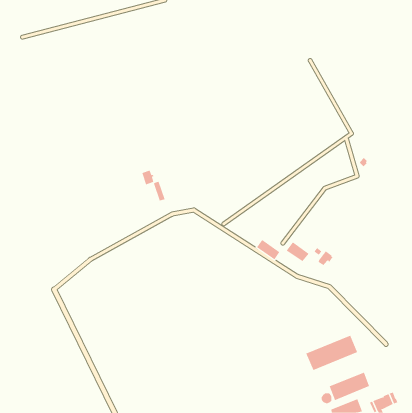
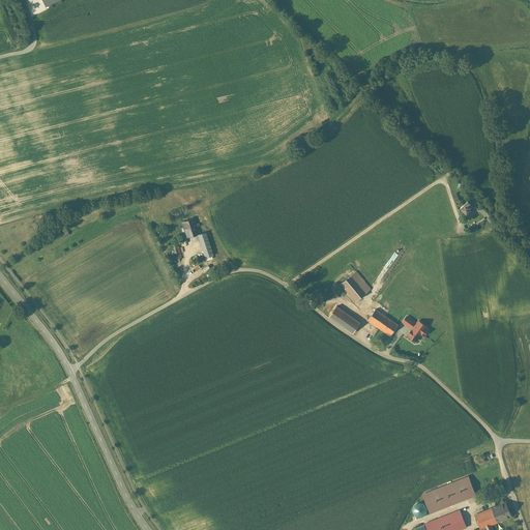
building: none -> [340,271,370,301]
building: [306,335,358,371] -> none

